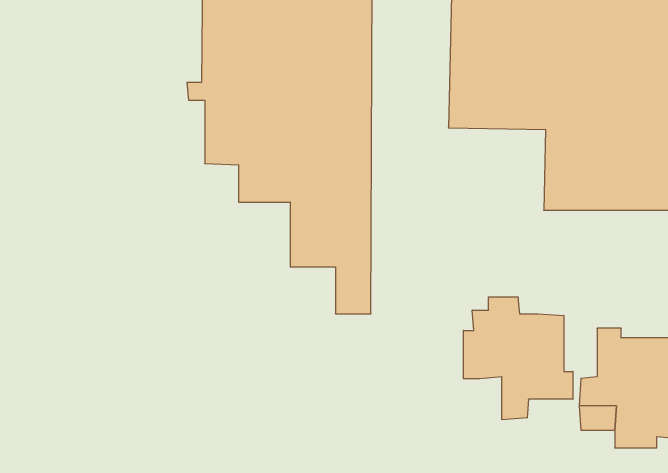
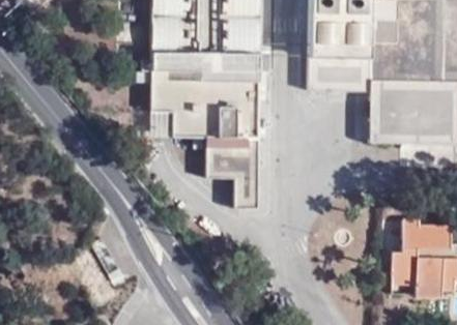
building: [463,297,573,420] -> none

